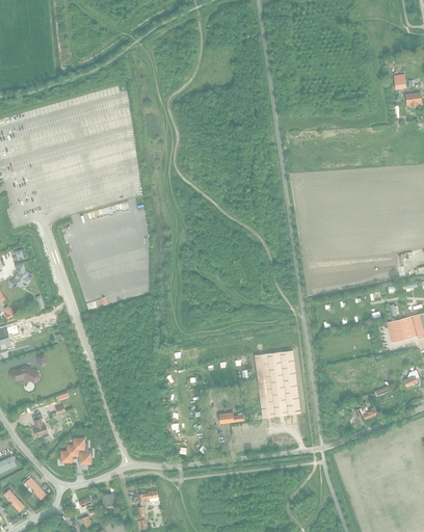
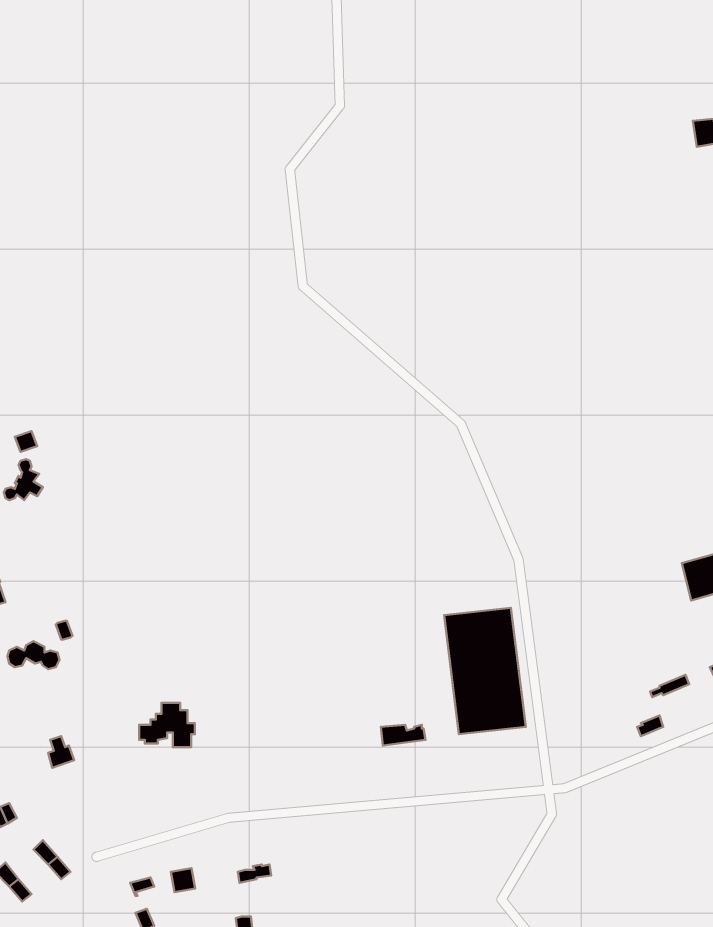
building: [60,438,91,463] -> [139,703,195,747]

